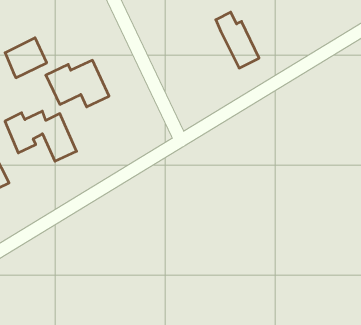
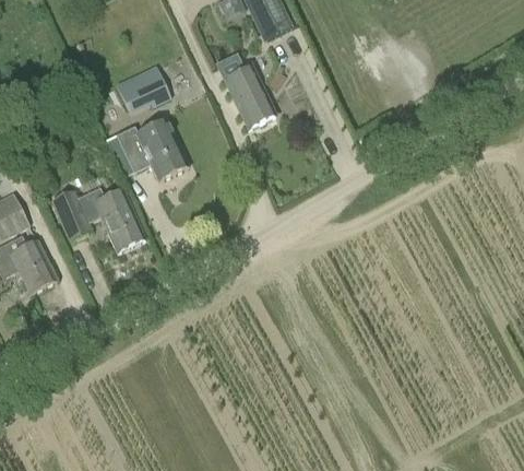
building: [216,12,259,68] -> [216,52,273,126]
building: [5,38,47,78] -> [116,62,170,115]

